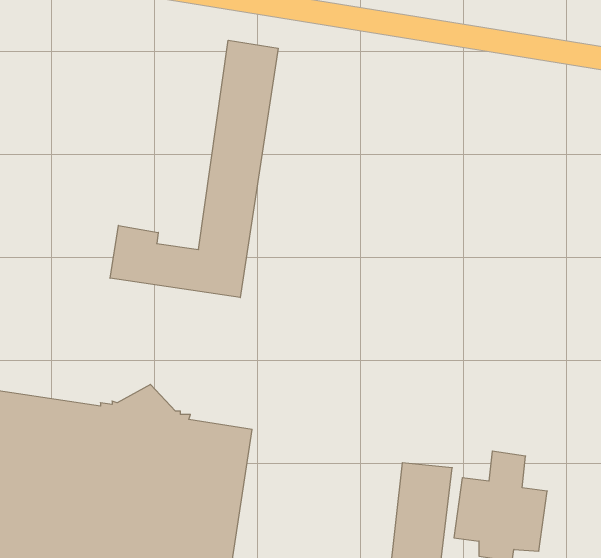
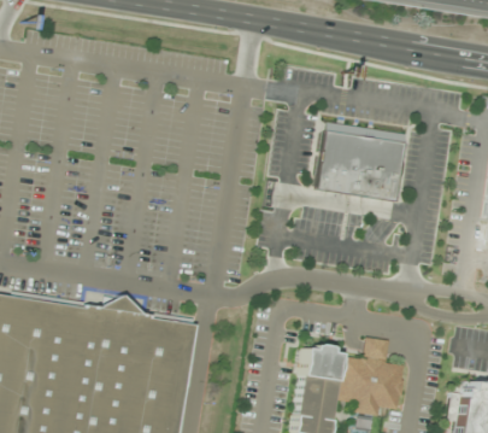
building: [110,40,278,298] -> none
building: none -> [321,123,411,203]

